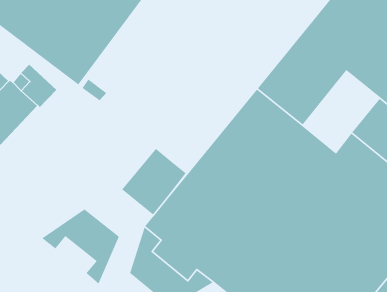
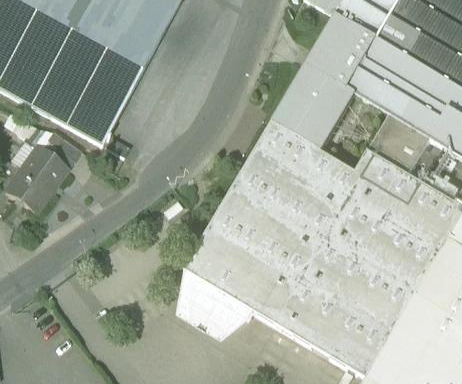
building: [121,148,187,215] -> none
building: [41,208,120,285] -> none

